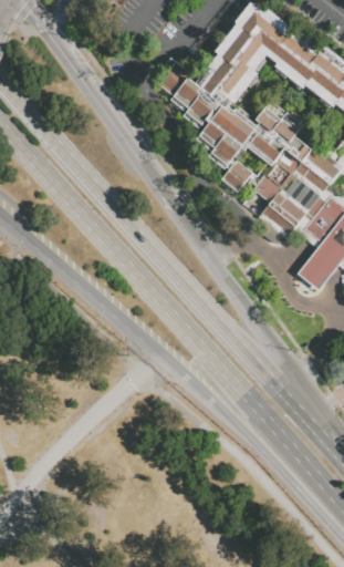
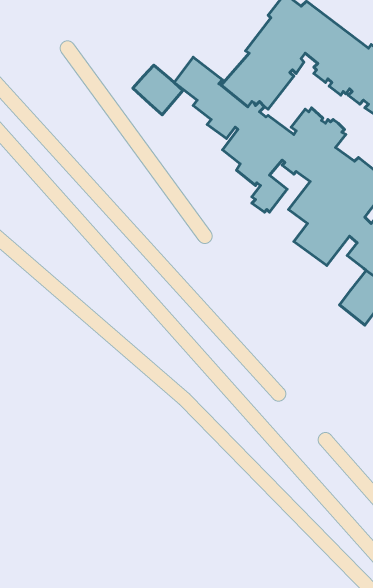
building: none -> [133,65,183,115]

